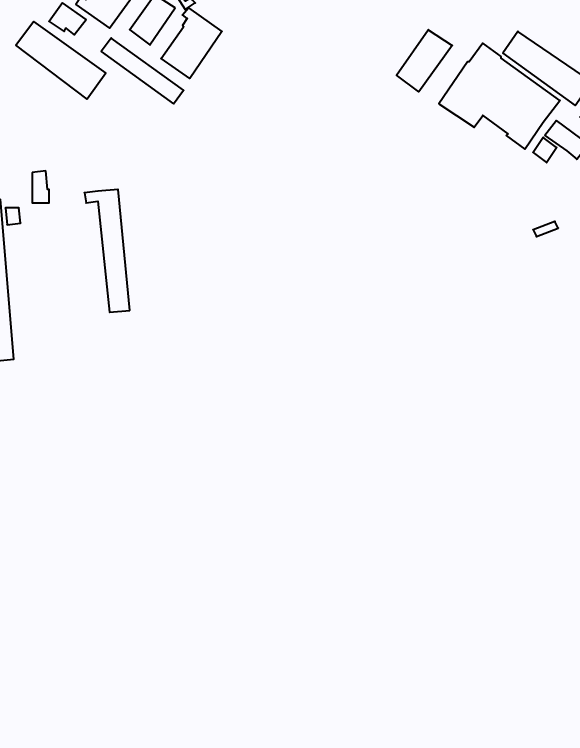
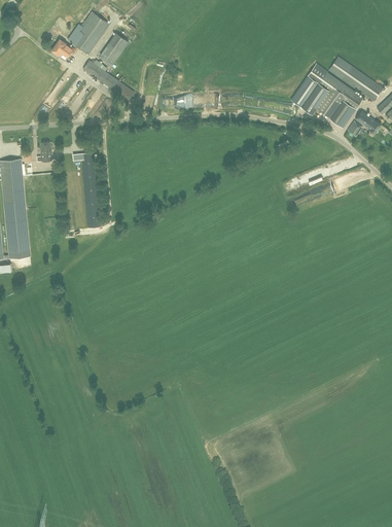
building: [161,8,222,78] -> none
building: [16,22,106,99] -> none
building: [397,30,452,92] -> none

